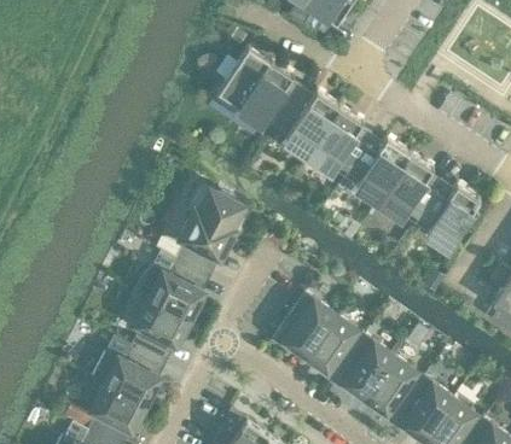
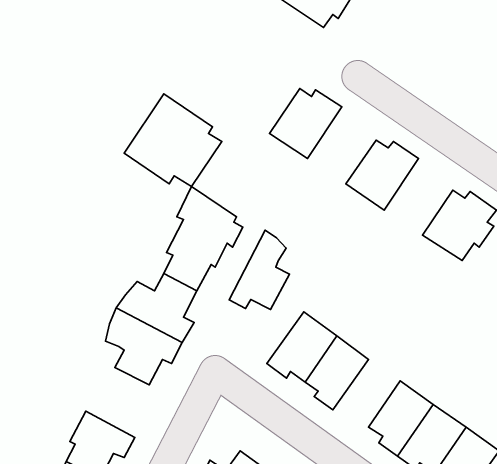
building: [210,46,300,130] -> [124,94,222,186]
building: [307,106,370,176] -> none
building: [377,153,440,223] -> none
building: none -> [229,230,289,310]
building: [330,337,391,398] -> none
building: [91,344,162,408] -> none

